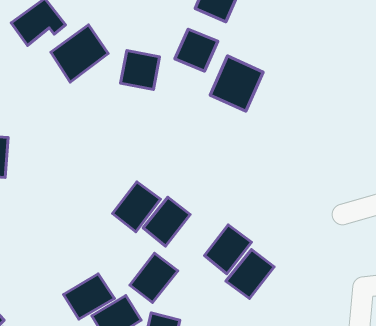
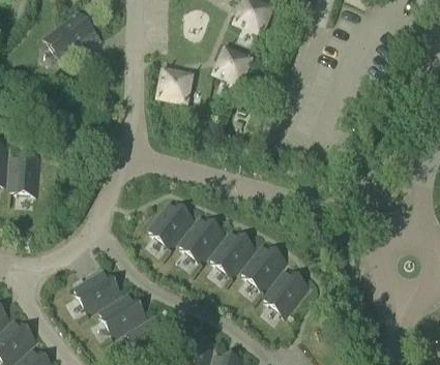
building: [51,25,108,82] -> none
building: [210,56,263,111] -> none
building: none -> [72,267,123,313]
building: [130,253,178,302] -> [209,226,258,276]

